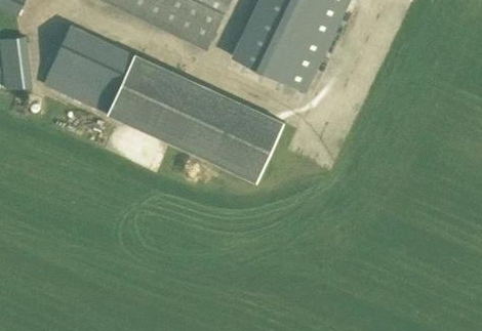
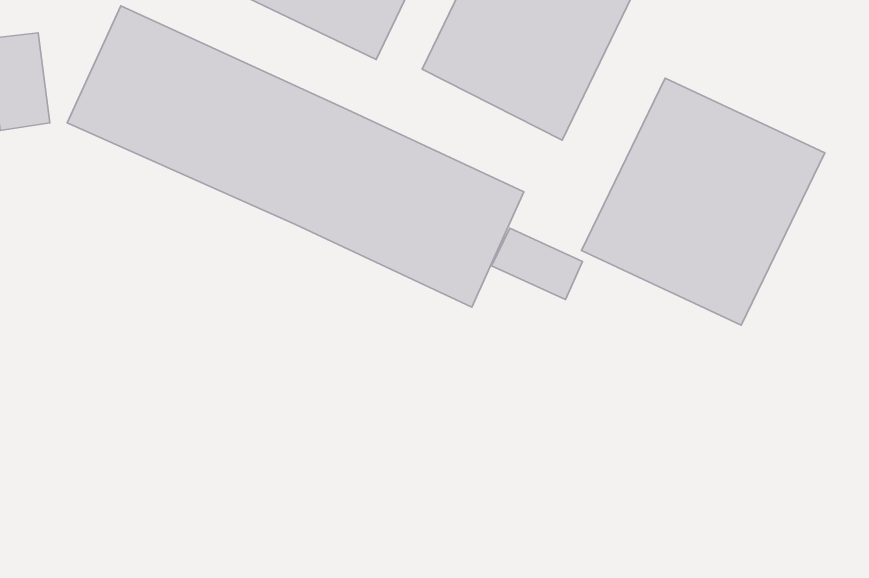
building: none -> [582,78,825,325]
building: none -> [492,228,582,299]

